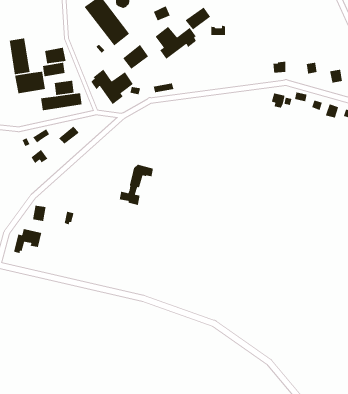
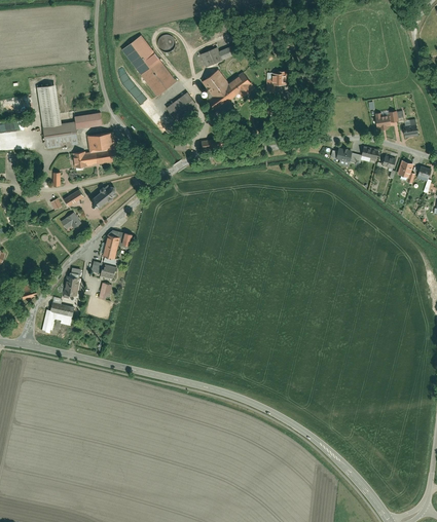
building: [185,7,211,31] -> none
building: [44,47,66,64] -> none
building: [90,69,134,105] -> none
building: [119,164,154,206] -> [92,229,132,277]

